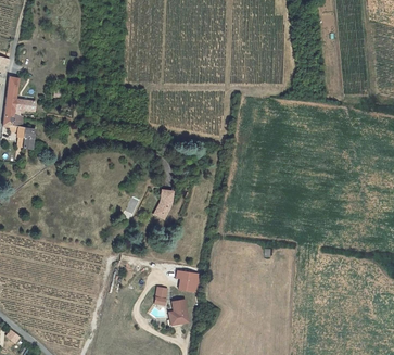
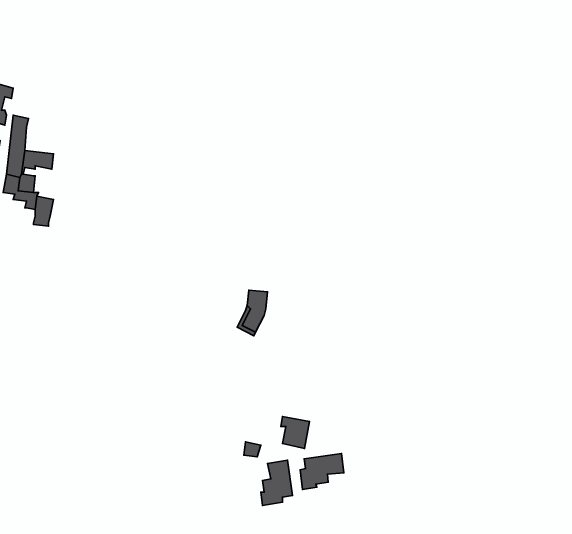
building: none -> [300,453,344,489]

